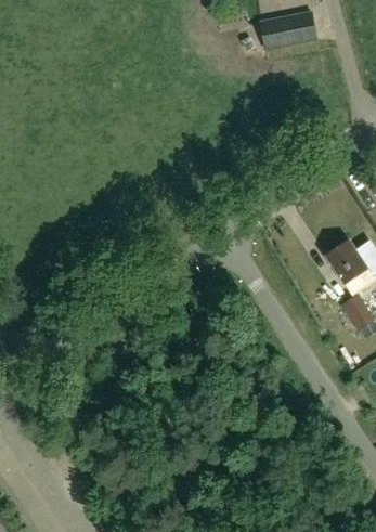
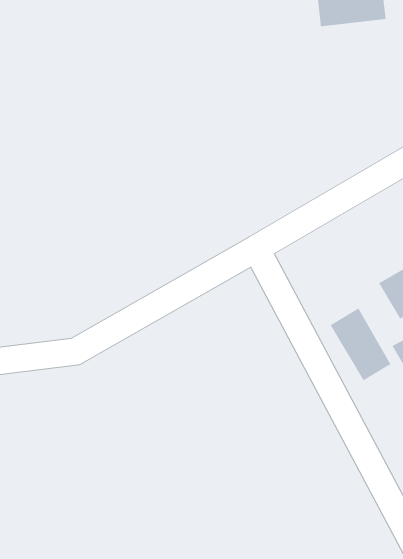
building: none -> [330,307,391,381]

